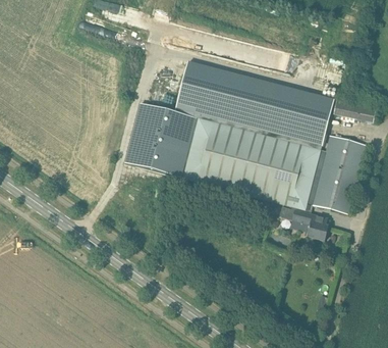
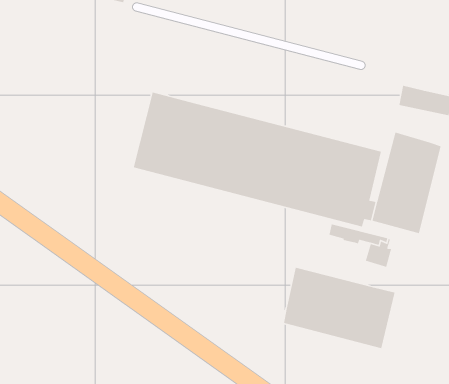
building: [174,60,334,149] -> none
building: none -> [283,267,396,349]

